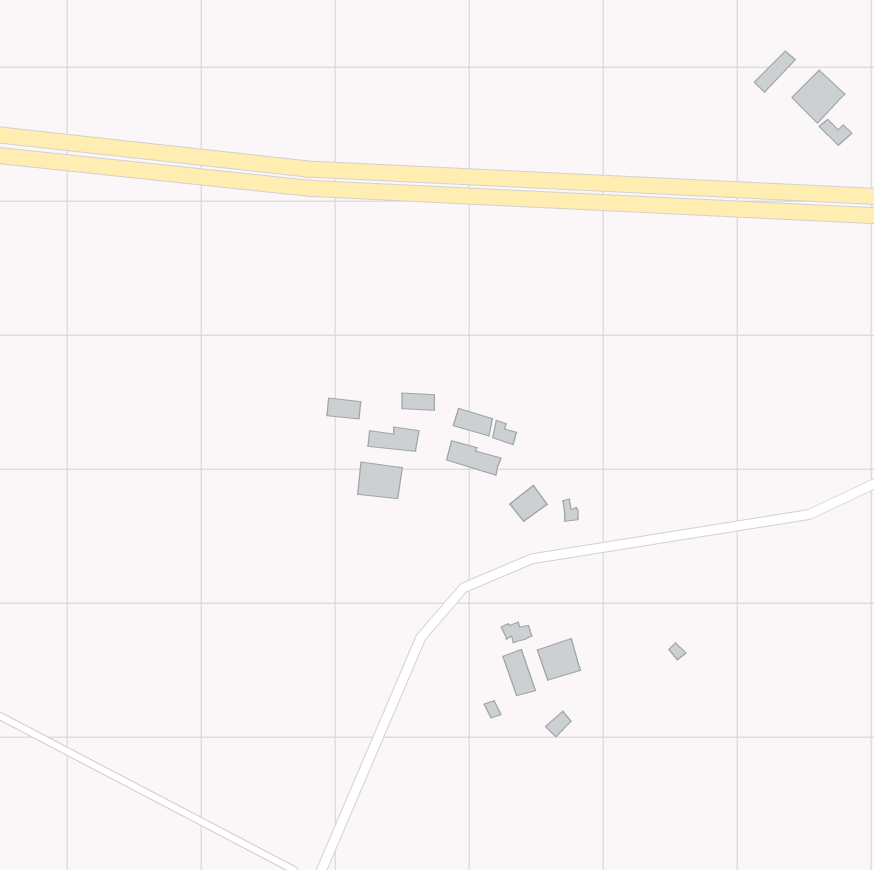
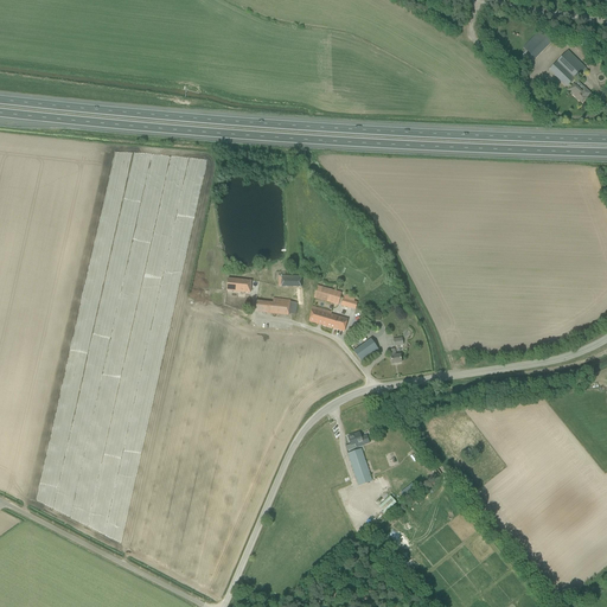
building: [358,462,402,499] -> none
building: [538,638,581,680] -> none

